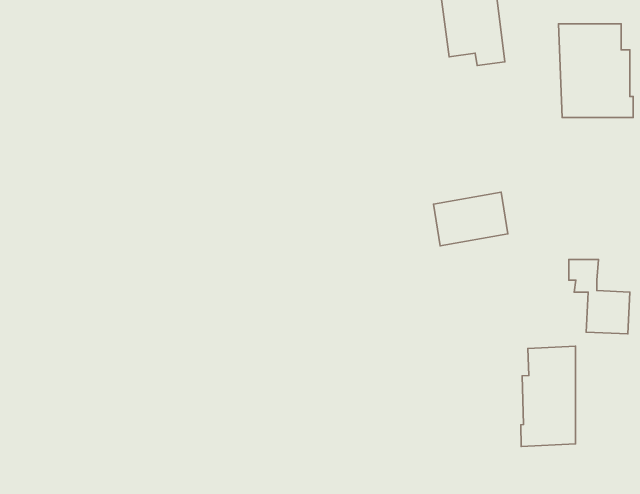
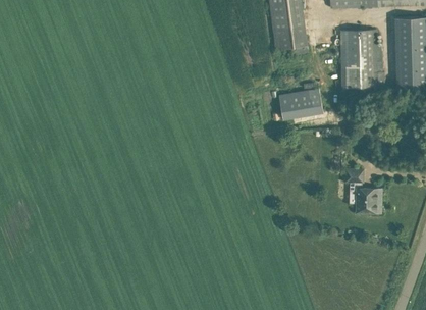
building: [433,192,508,246] -> [278,89,322,120]
building: [521,346,576,446] -> none

